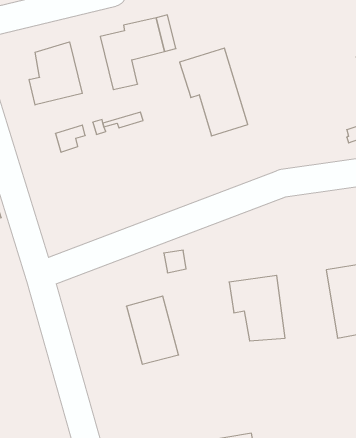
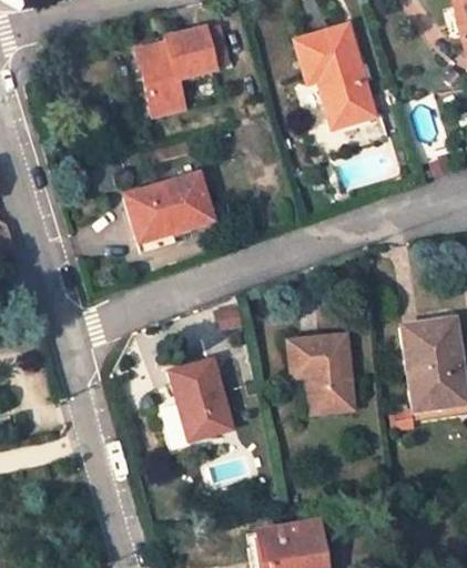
building: [29,42,82,105] -> none
building: [180,48,248,136] -> [293,24,374,129]
building: none -> [123,174,211,253]

